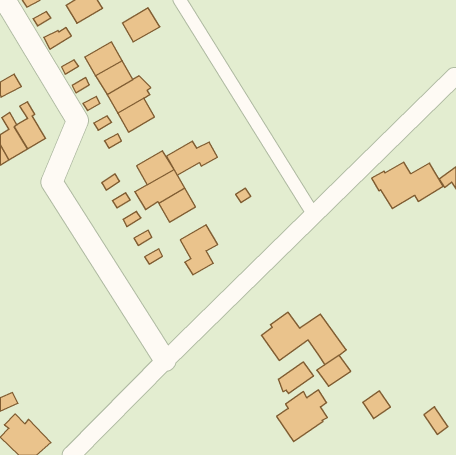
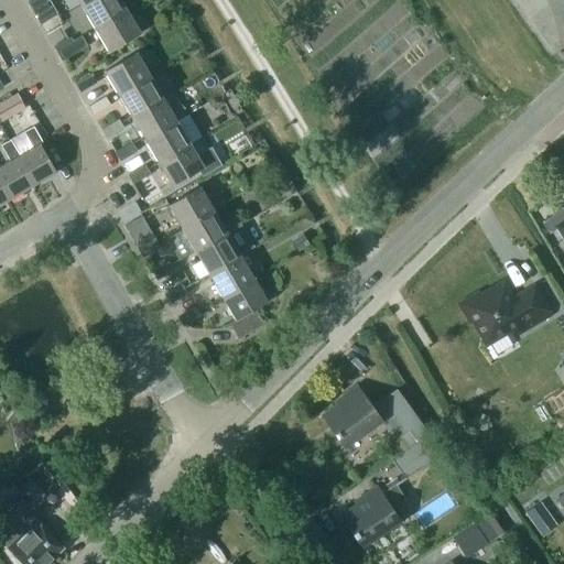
building: [122,8,160,42] -> [95,10,141,52]
building: [166,141,217,175] -> [159,144,221,186]
building: [372,162,443,209] -> [462,284,550,341]
building: none -> [209,256,254,296]
building: [278,362,313,394] -> none
building: [363,391,390,419] -> [453,521,487,555]

